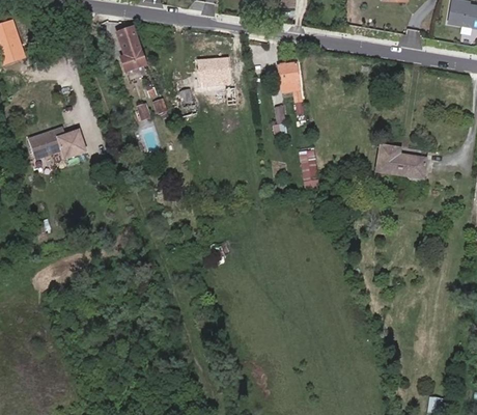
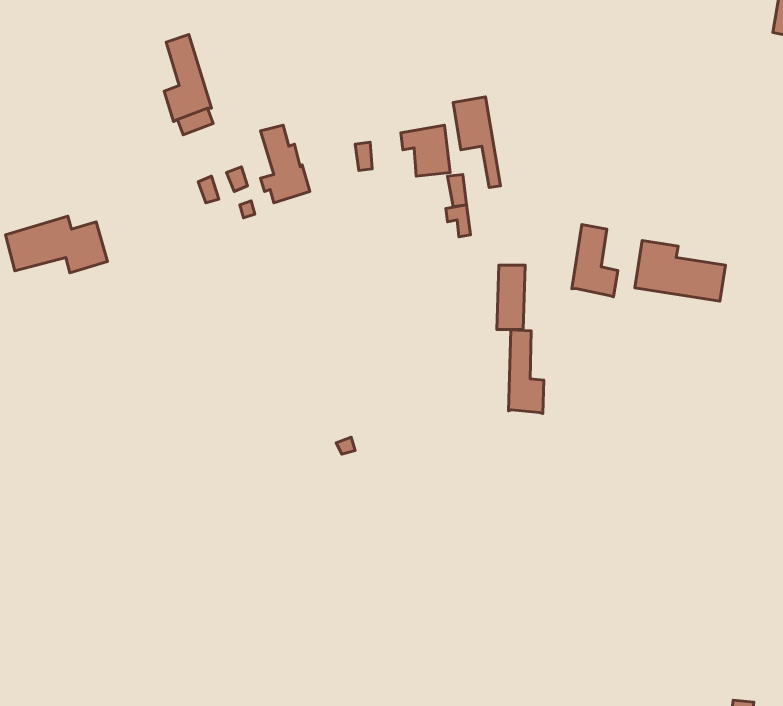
building: [196,56,223,84] -> [401,125,450,176]
building: none -> [572,225,618,297]
building: none -> [508,330,544,413]

